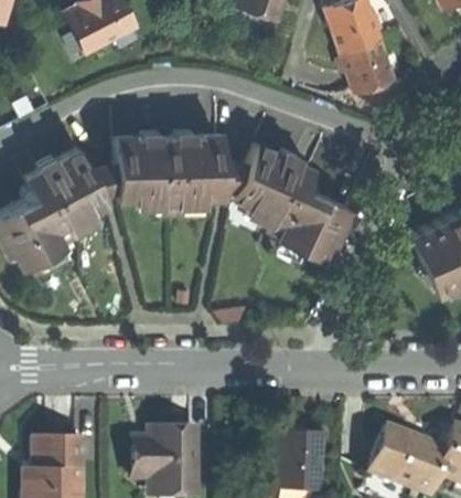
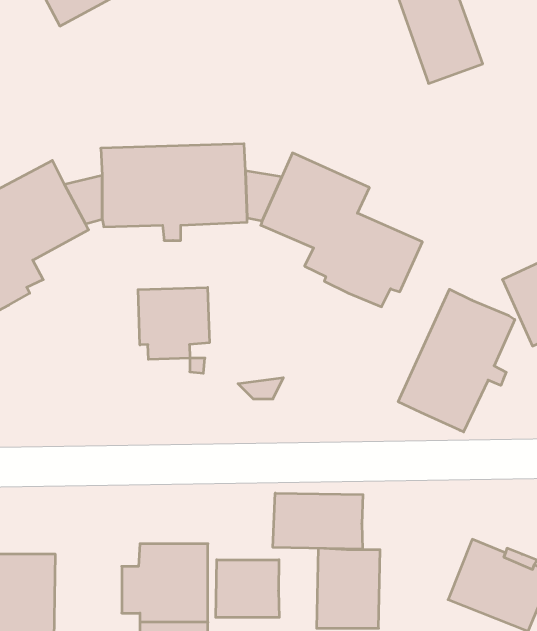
building: none -> [138,287,209,359]
building: none -> [398,289,515,432]
building: none -> [273,493,363,549]
building: none -> [216,560,279,617]

